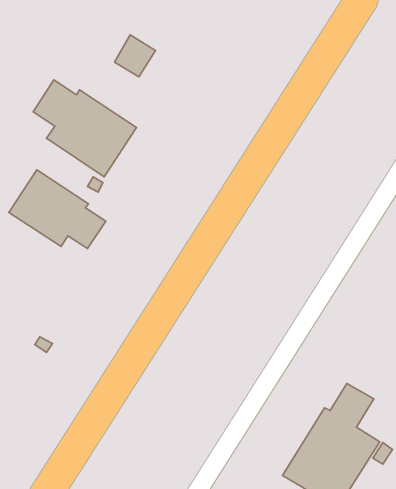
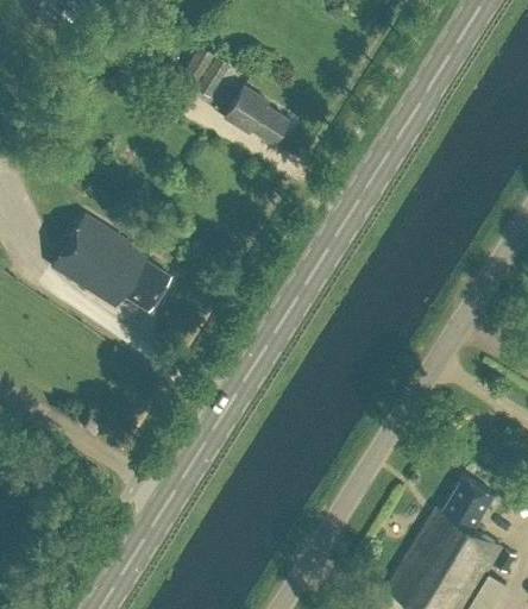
building: none -> [224,87,288,143]
building: [33,80,137,177] -> none

